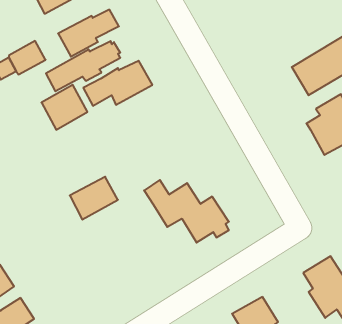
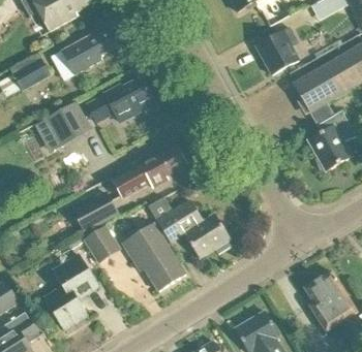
building: none -> [255,27,299,74]
building: [46,41,120,91] -> [113,147,186,196]
building: none -> [122,223,185,291]
building: none -> [82,225,121,263]
building: none -> [42,252,98,331]

